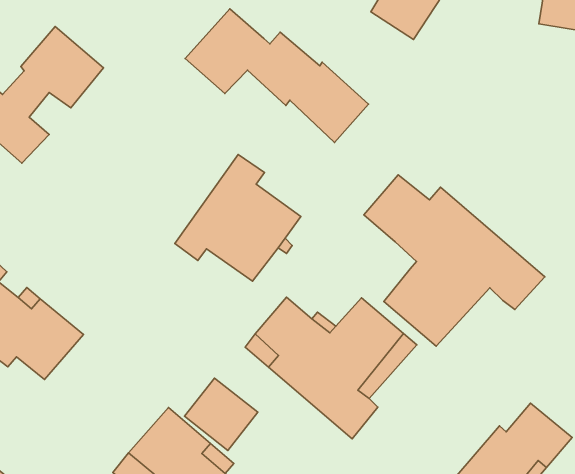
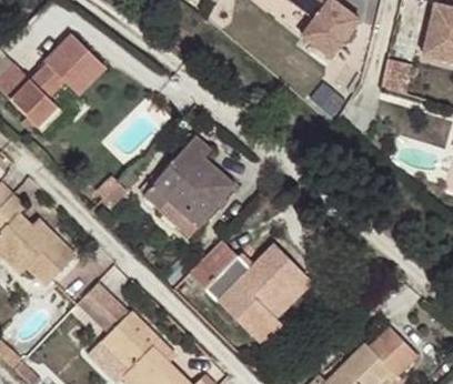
building: [185,9,369,142] -> none
building: [364,175,545,346] -> none
building: [185,378,258,450] -> [79,276,131,329]

